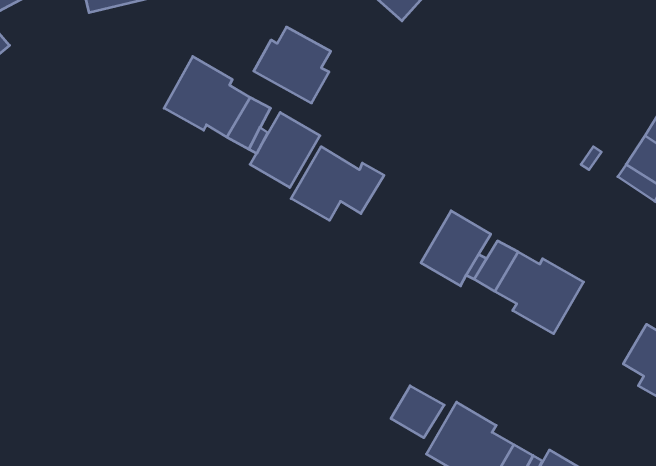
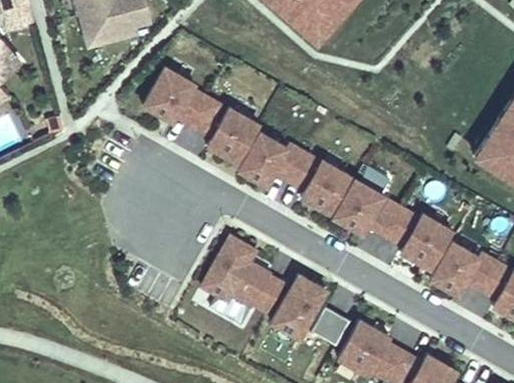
building: [254,27,331,103] -> none
building: none -> [289,153,350,213]
building: none -> [201,235,284,313]
building: none -> [431,242,499,297]
building: none -> [271,274,326,338]

